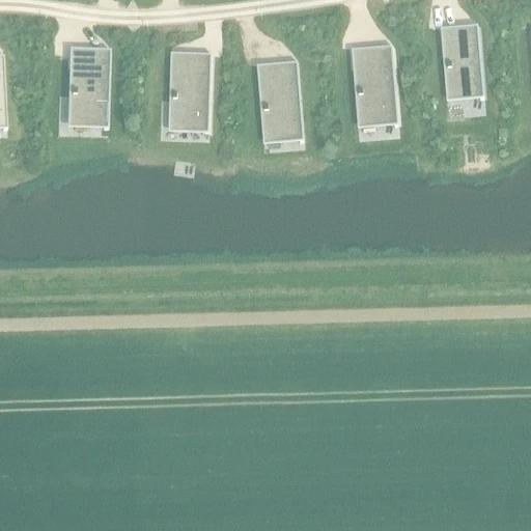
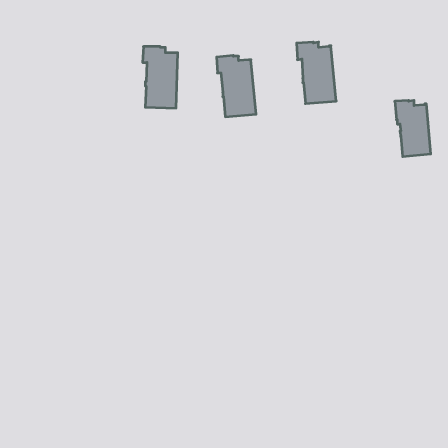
building: [439,29,481,95] -> [395,100,431,157]
building: [66,50,108,122] -> none

